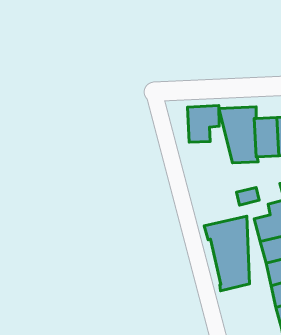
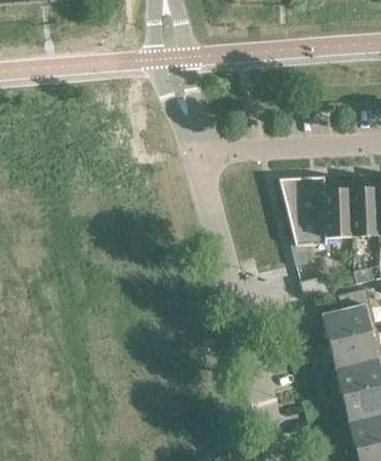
building: [187,105,219,142] -> none
building: [204,216,249,291] -> none

